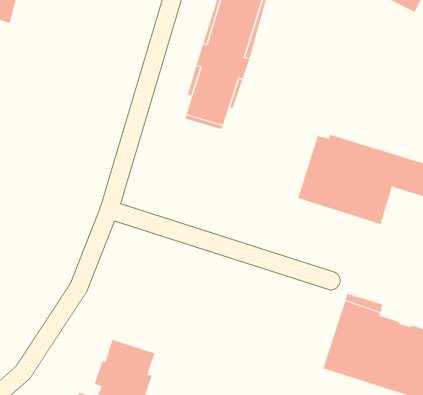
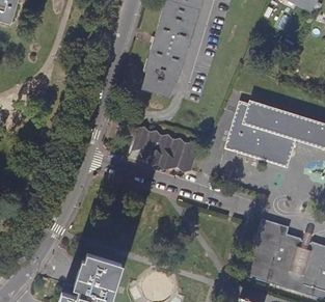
building: none -> [127,128,198,172]

